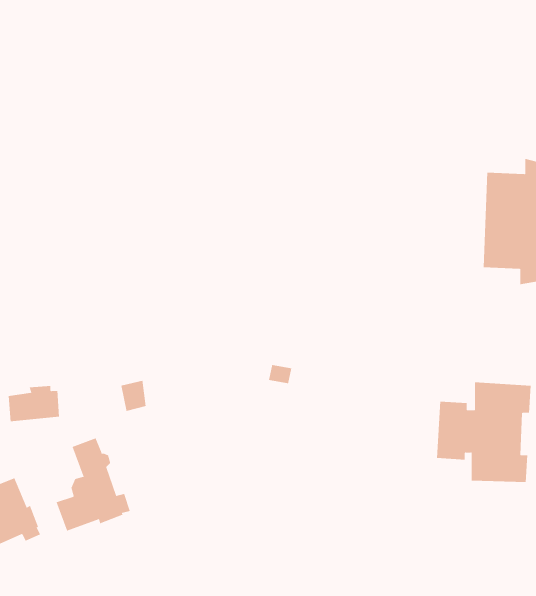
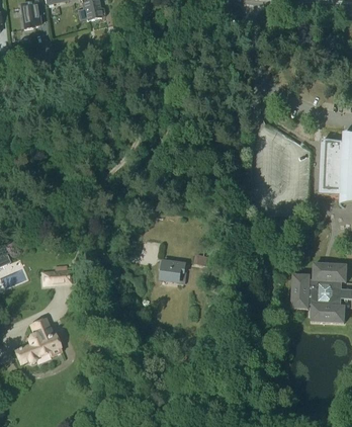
building: none -> [160,259,185,278]
building: [56,437,131,531] -> none

